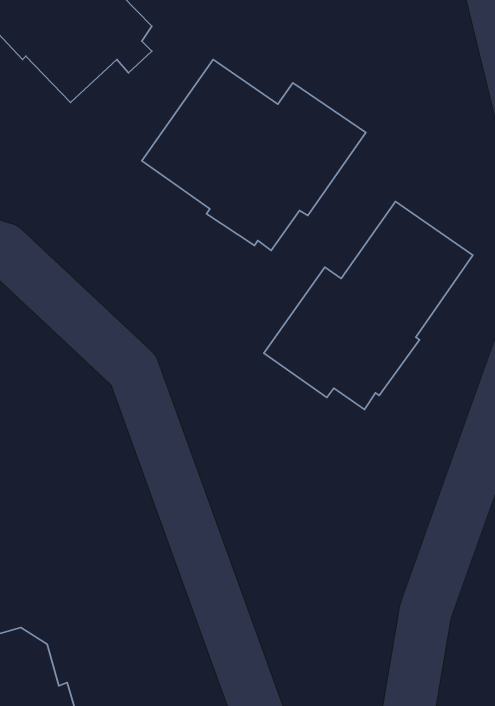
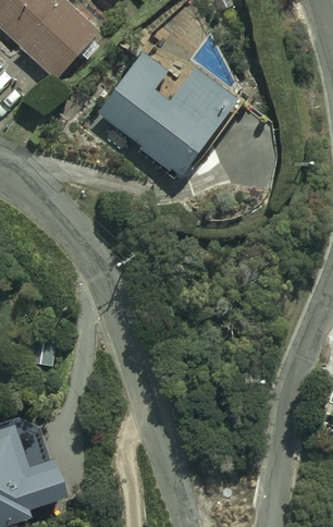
building: [264,202,473,409] -> none

